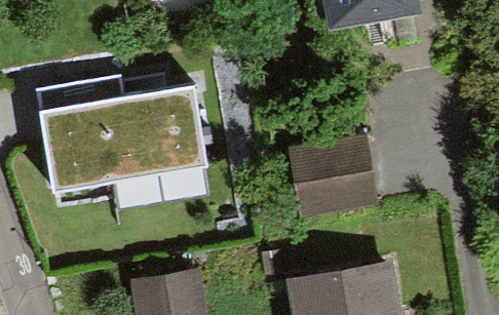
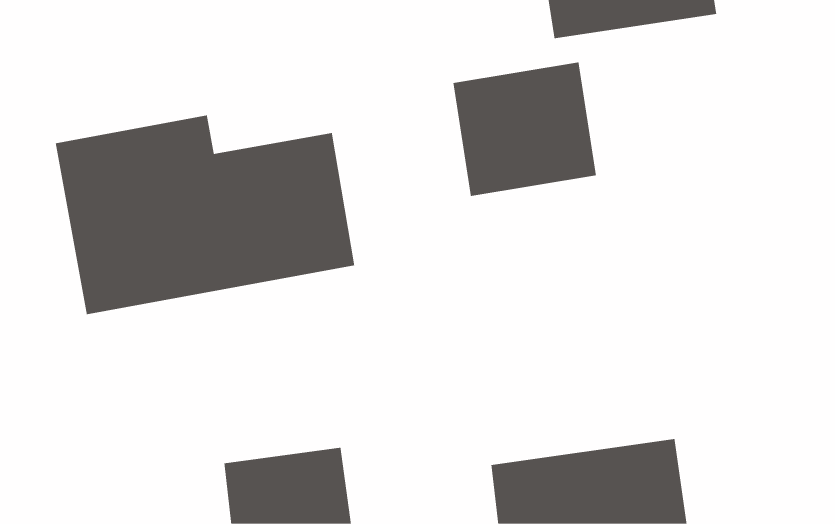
building: [291,134,375,213] -> [453,62,597,197]

